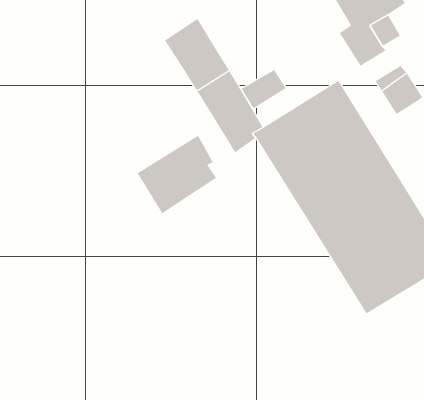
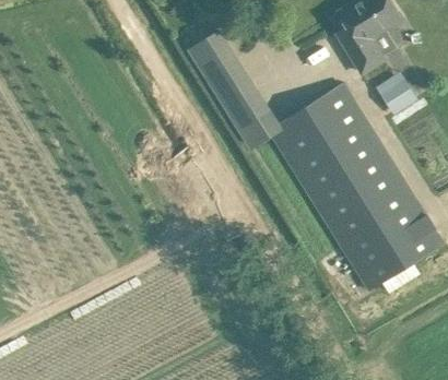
building: [241,69,287,109] -> none
building: [137,135,217,214] -> none

